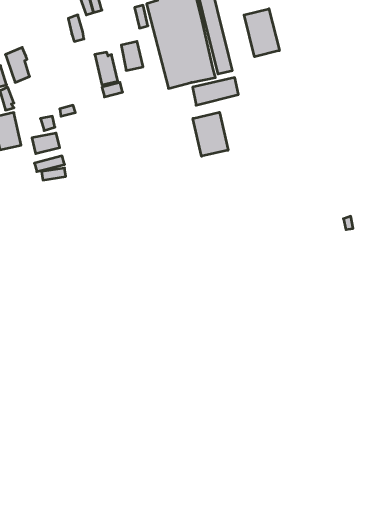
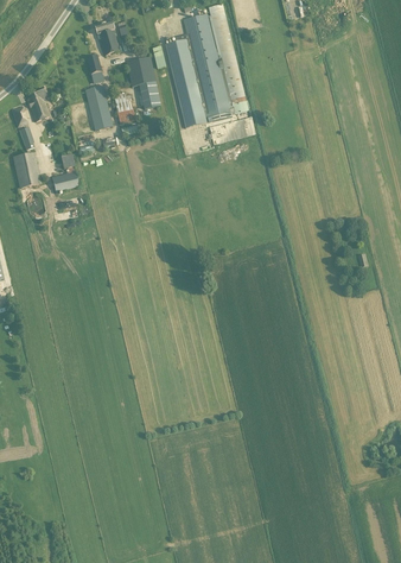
building: [244,9,279,57] -> none
building: none -> [126,57,154,87]
building: none -> [84,86,112,129]
building: [193,112,228,156] -> none

